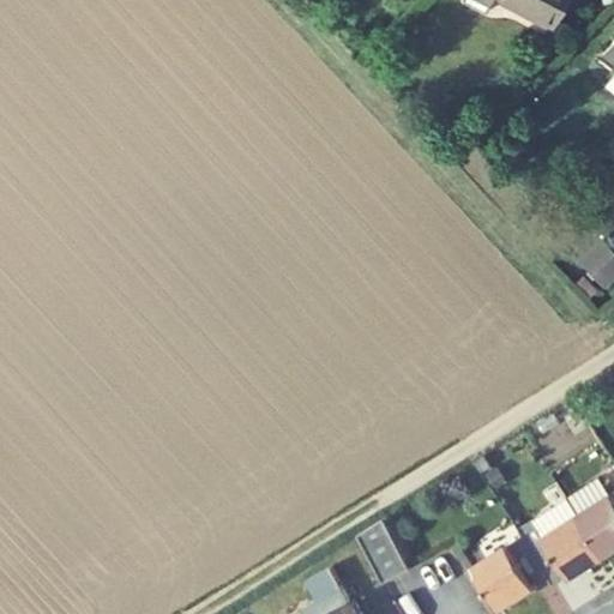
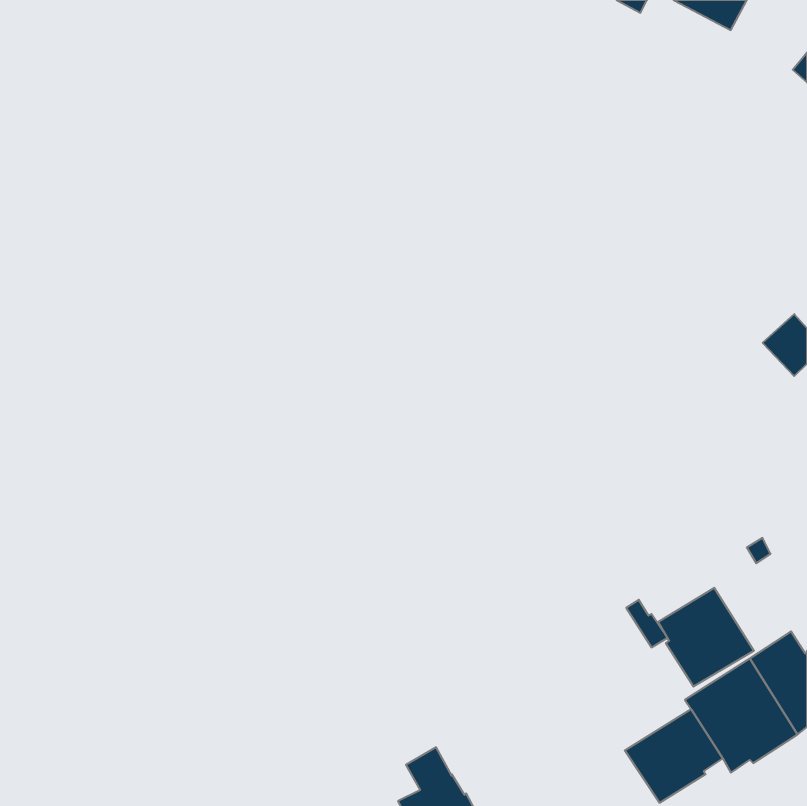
building: none -> [658,588,754,687]
building: [357,519,409,584] -> none

